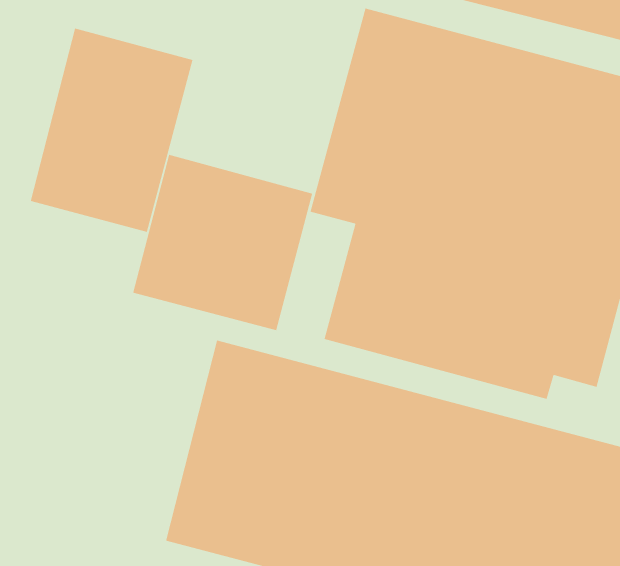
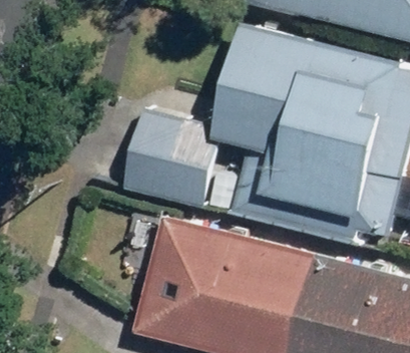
building: [30,27,194,233] -> none

